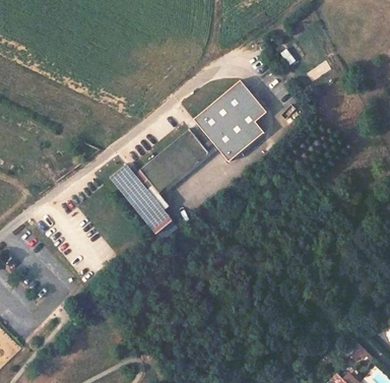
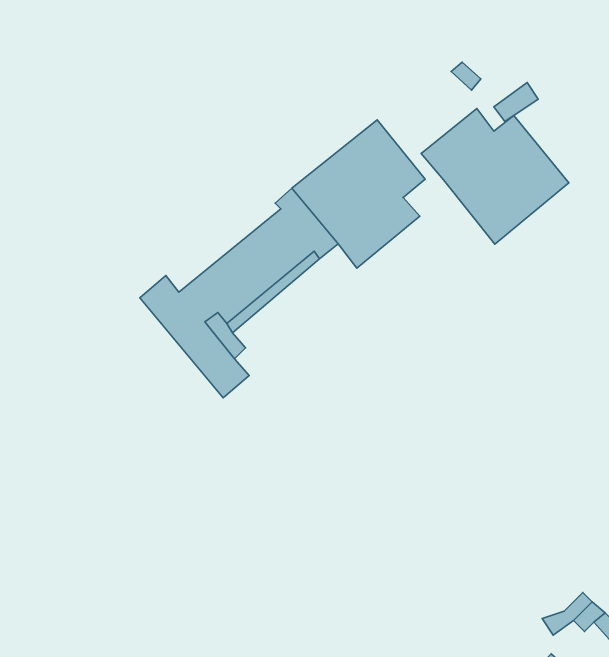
building: none -> [421,109,569,244]

